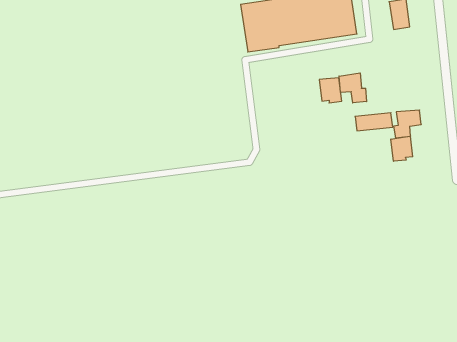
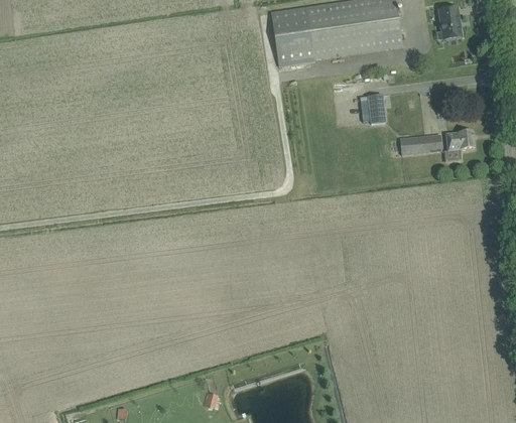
building: [339,73,367,103] -> none
building: [391,136,413,161] -> none

